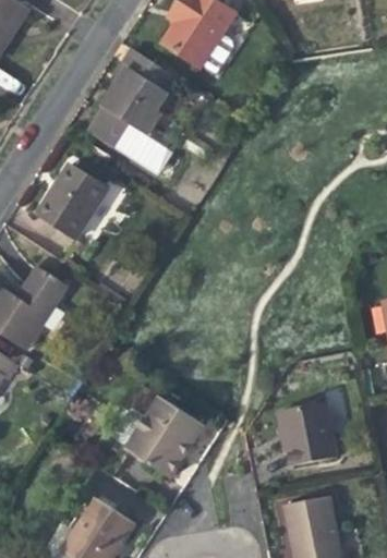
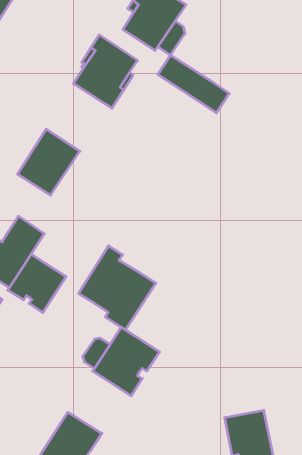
building: [87,107,172,175] -> [158,55,229,113]
building: none -> [79,246,156,330]
building: none -> [8,254,66,313]
building: [278,402,337,465] -> none

